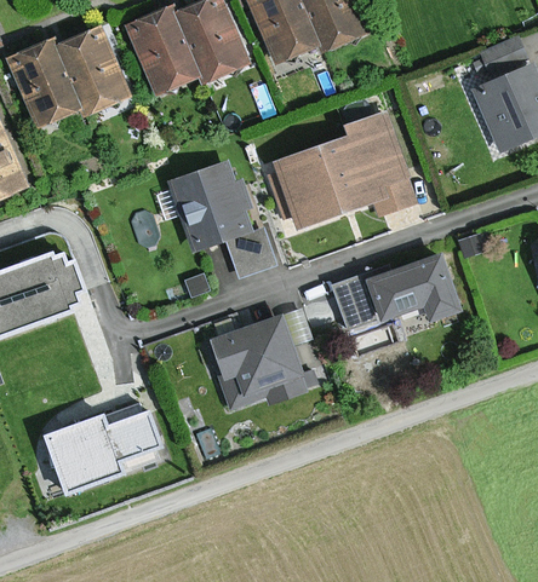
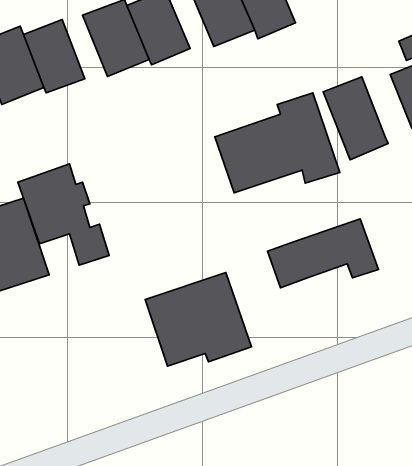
building: none -> [323,77,388,160]
building: [168,160,271,273] -> [18,164,109,265]
building: [45,410,165,499] -> none

